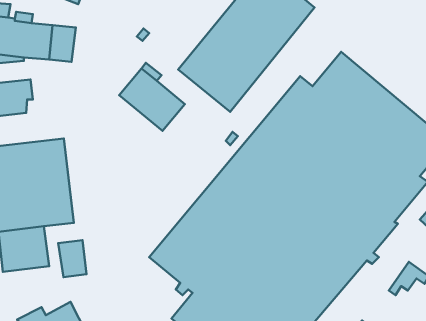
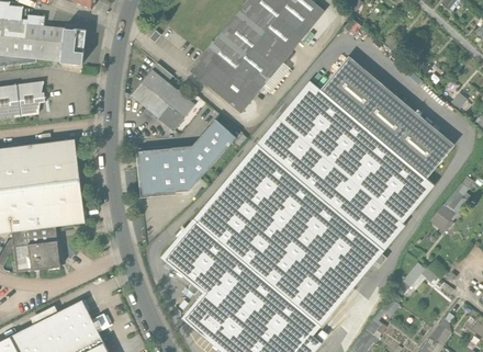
building: none -> [137,118,235,193]
building: [58,240,86,277] -> none

